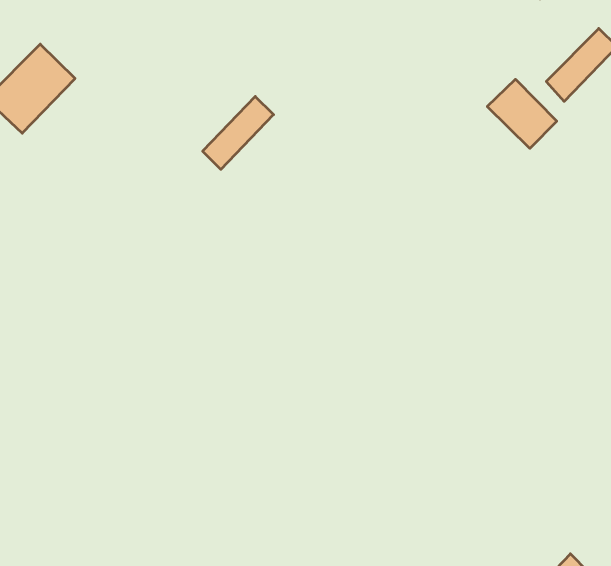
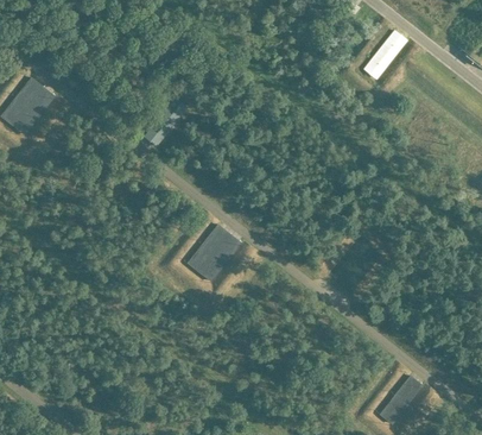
building: [487,79,557,148] -> none
building: none -> [186,223,242,280]

